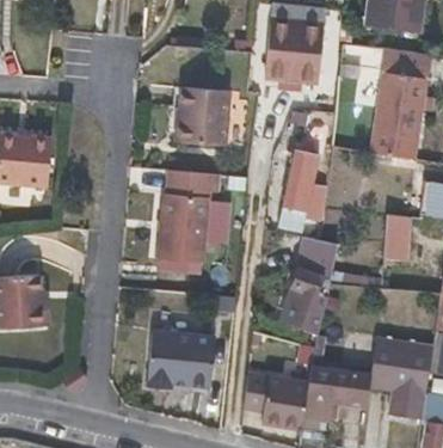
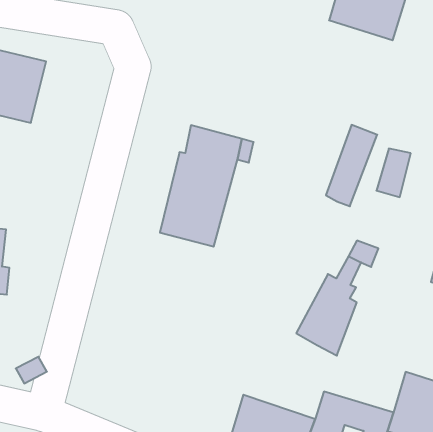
building: [185,86,238,146] -> none
building: [148,332,216,391] -> none

